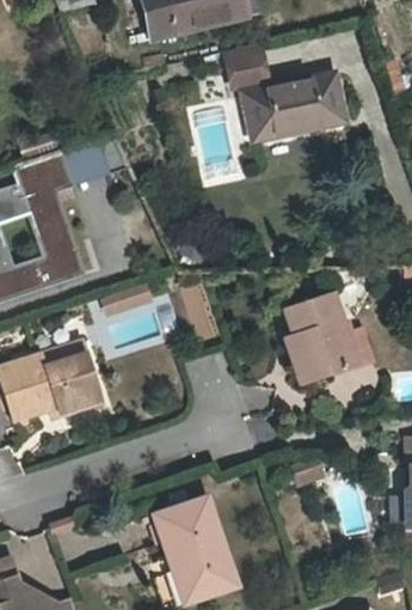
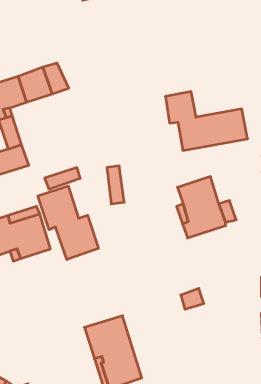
building: [227,47,345,132] -> [165,92,248,150]
building: none -> [38,186,98,260]

